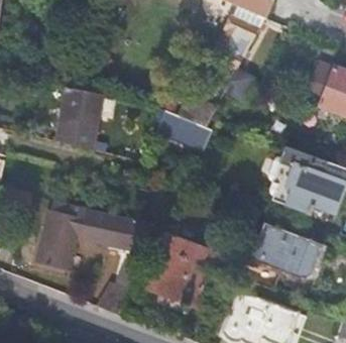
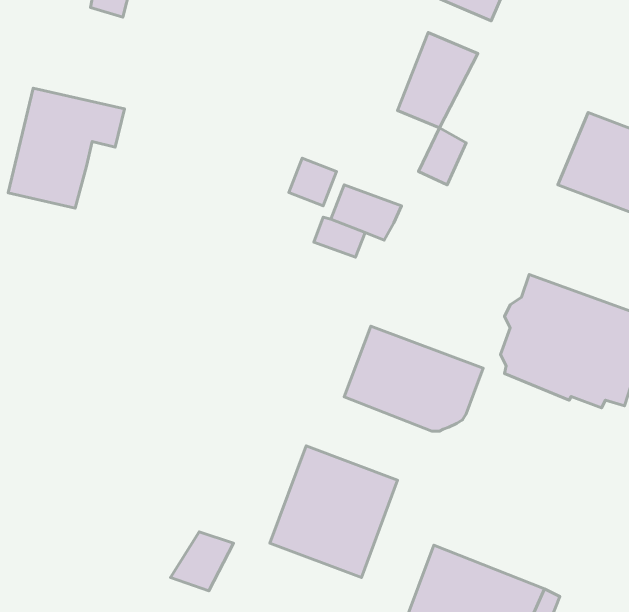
building: [54,89,116,152] -> [8,88,125,208]
building: [48,205,148,255] -> none
building: [246,223,320,278] -> [344,326,483,431]

